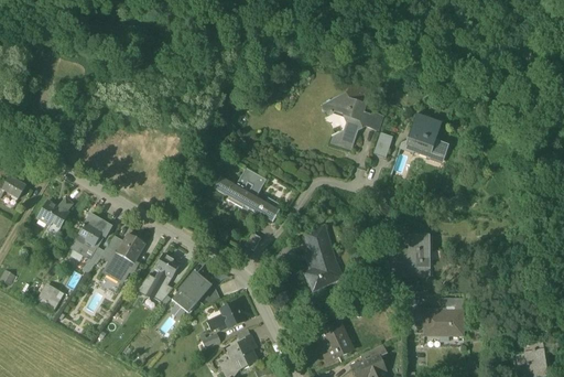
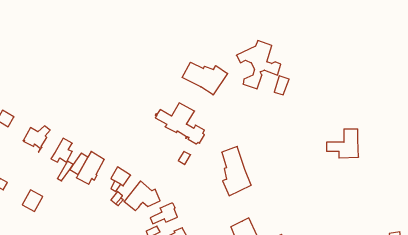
building: [408,112,448,157] -> none
building: none -> [182,62,228,95]
building: [386,238,429,277] -> [327,129,359,158]
building: [424,299,464,336] -> none

